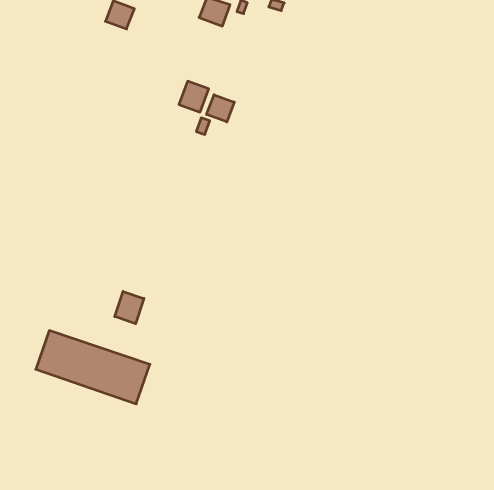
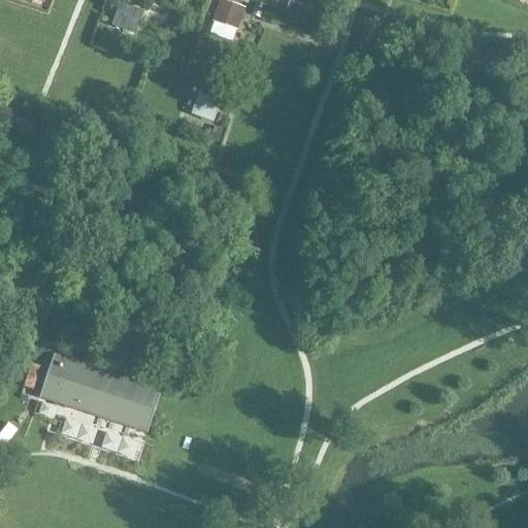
building: [207,95,234,122] -> none
building: [115,291,144,324] -> none

